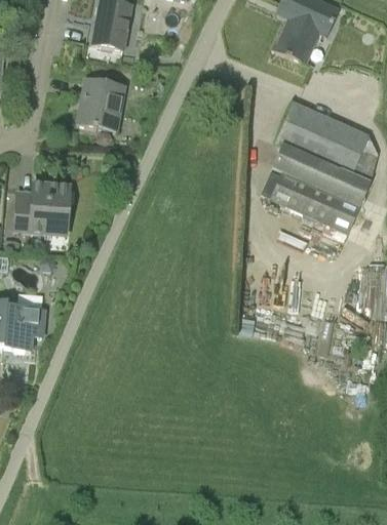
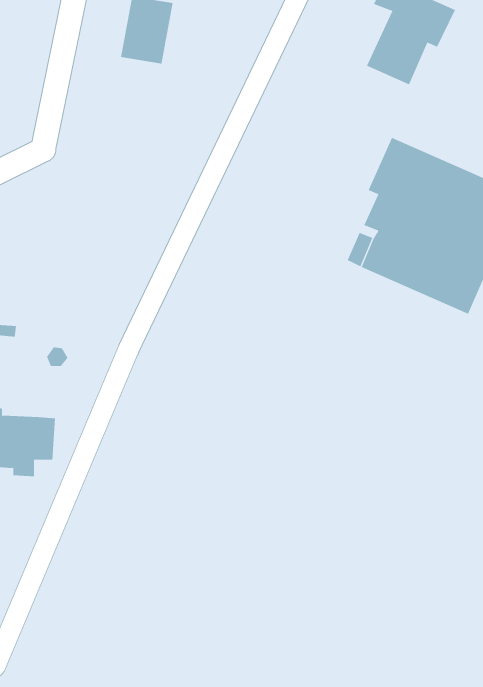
building: [77,77,126,131] -> none
building: [13,183,69,235] -> none

